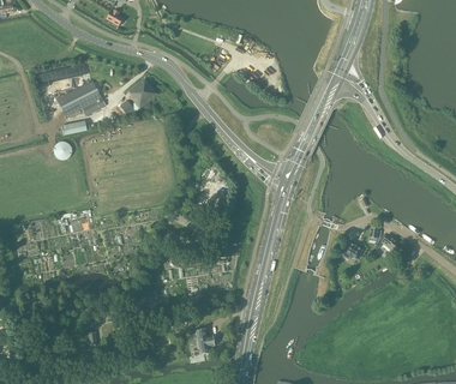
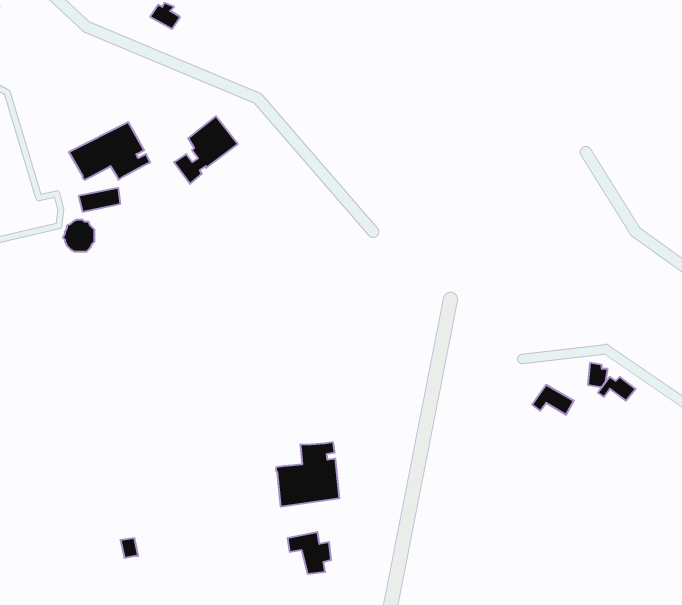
building: none -> [276,442,339,507]

